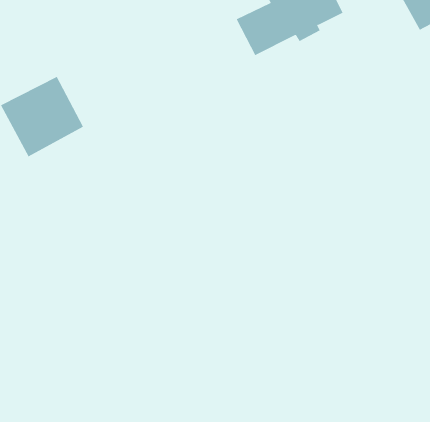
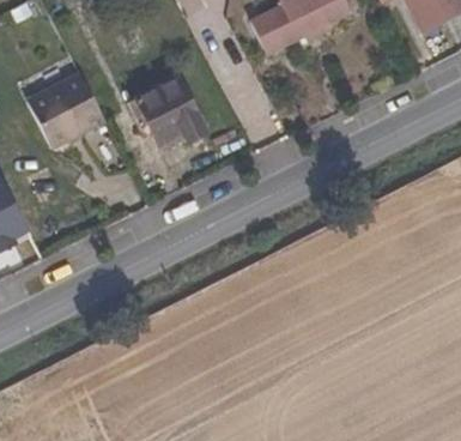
building: none -> [128,75,207,145]

